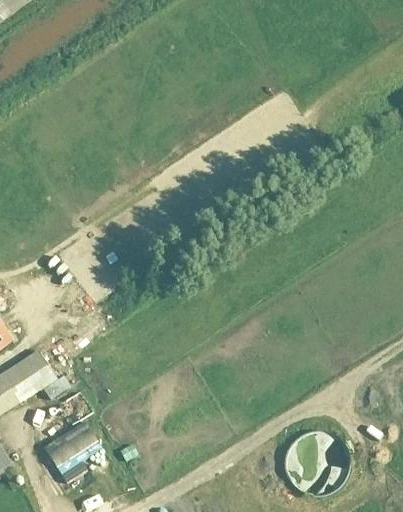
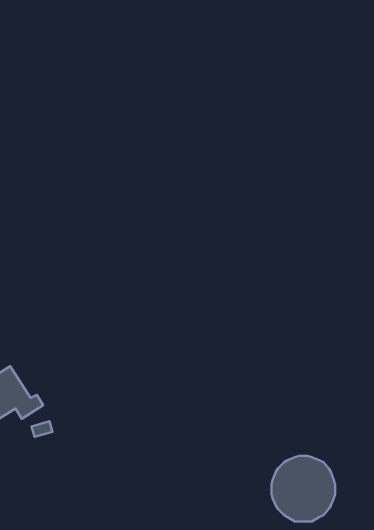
building: [43,421,101,483] -> none

